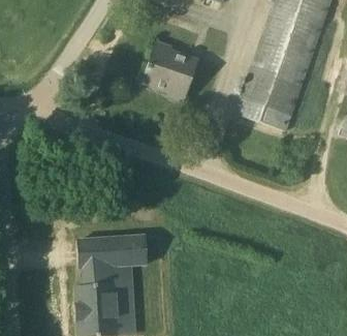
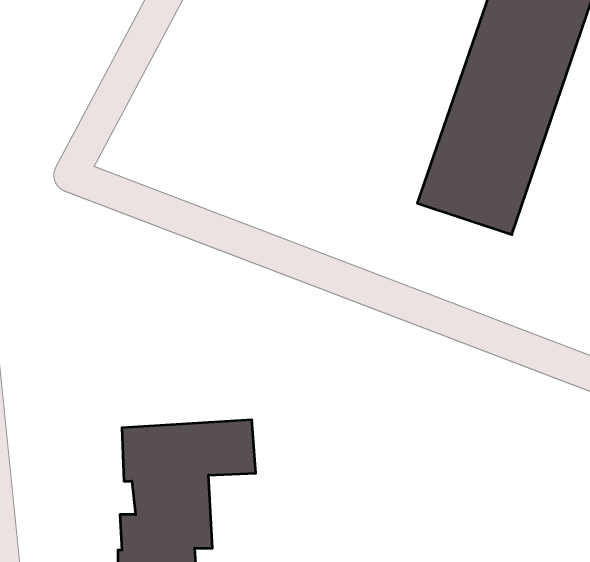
building: [141,42,198,98] -> none

